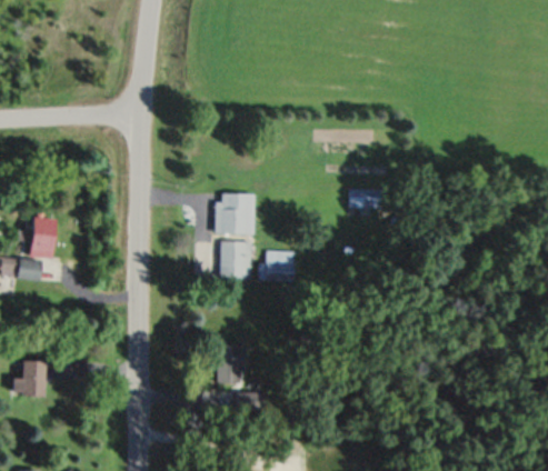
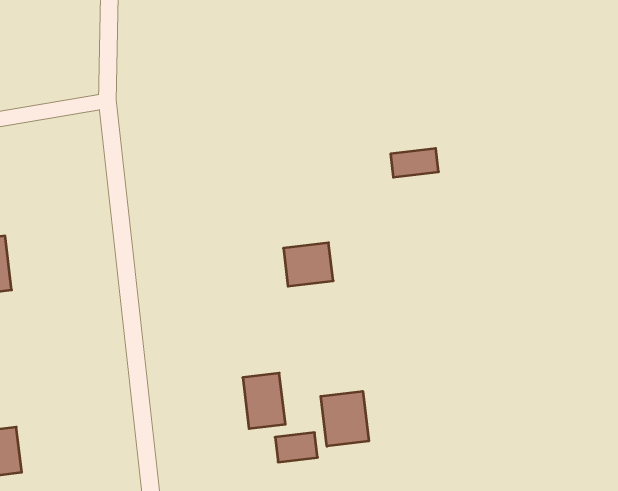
building: [217,193,248,234] -> none
building: [221,241,252,279] -> none
building: none -> [321,391,369,446]

